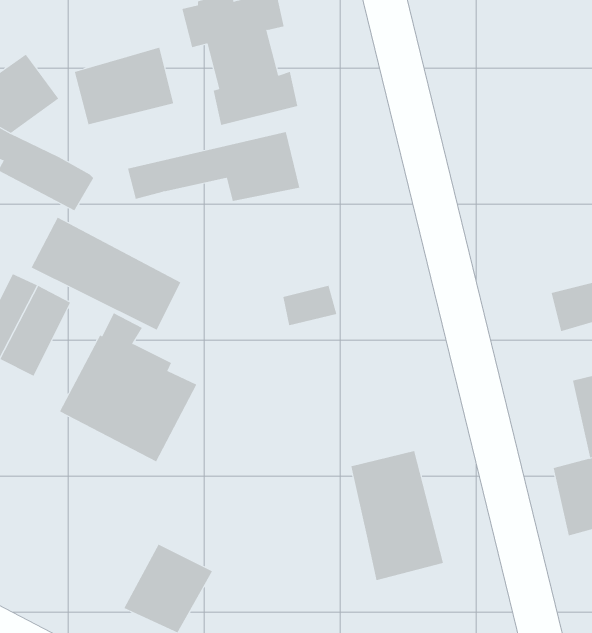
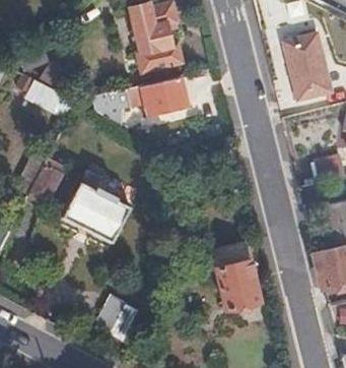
building: [74,47,174,125] -> none
building: none -> [283,35,329,102]
building: [31,217,181,331] -> none

